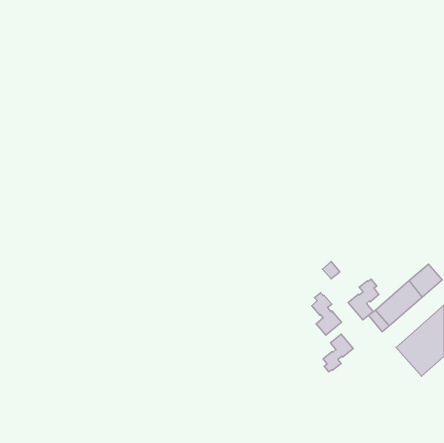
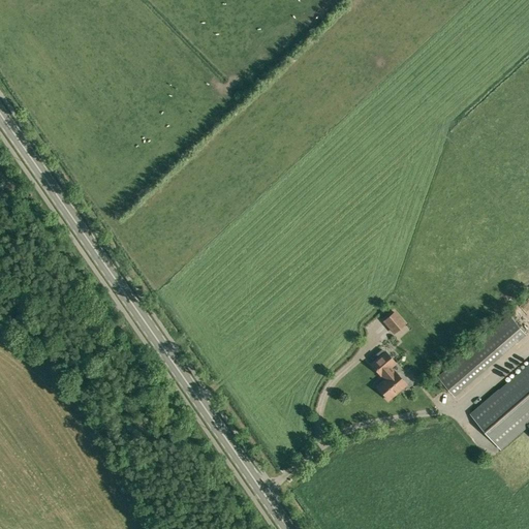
building: [348,279,379,320] -> none
building: [323,334,353,372] -> none

